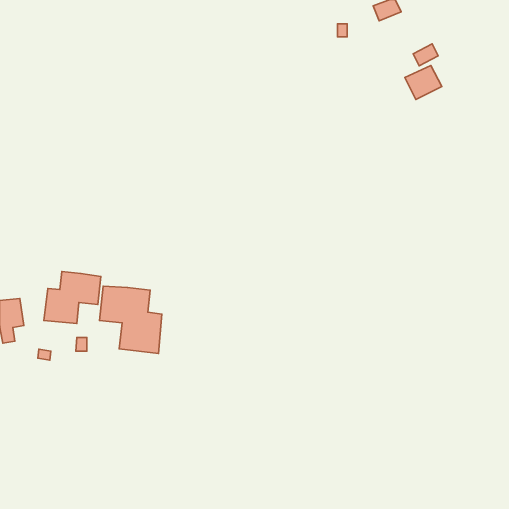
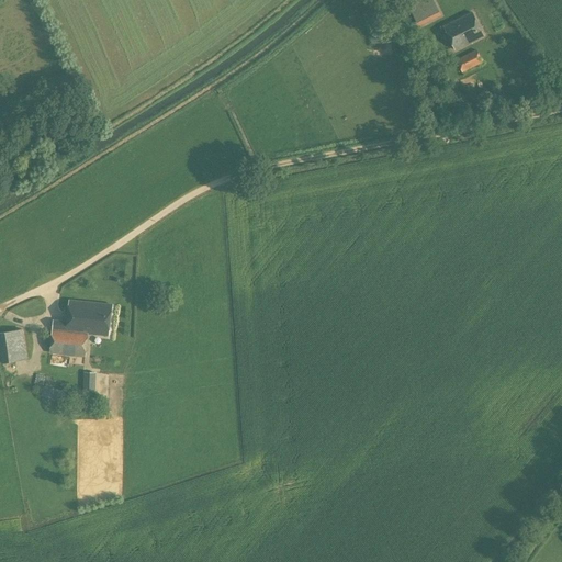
building: [405,65,442,99] -> [442,12,483,49]
building: [100,286,162,354] -> none

